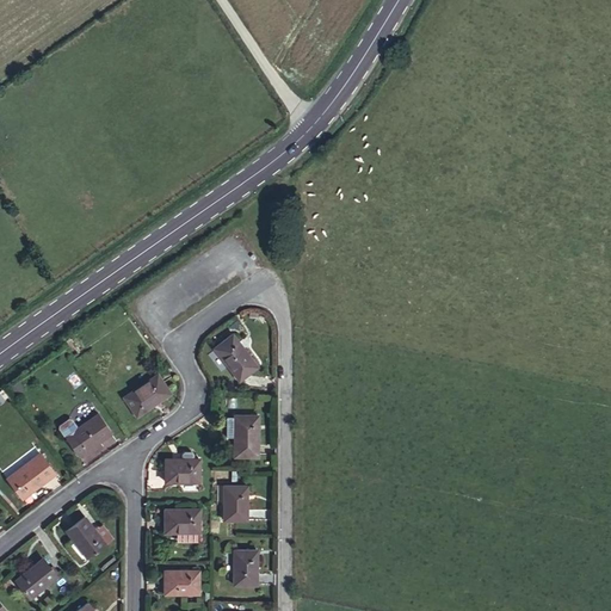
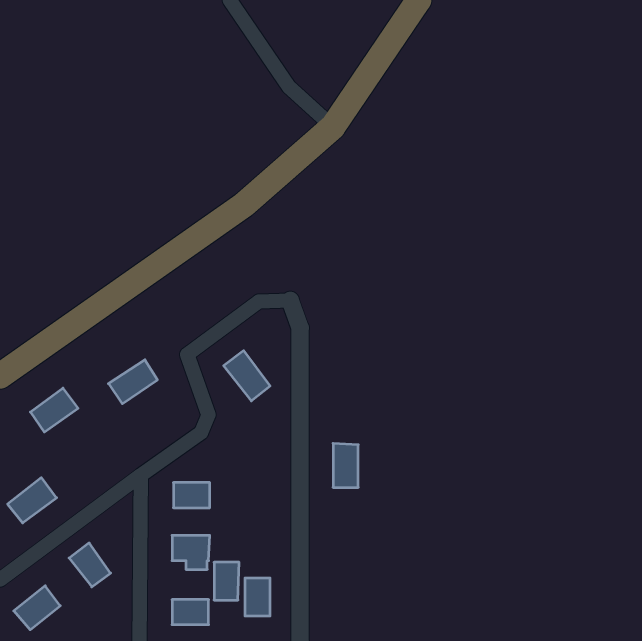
building: [123,375,169,416] -> [108,360,157,404]
building: [66,414,111,456] -> [30,388,78,432]
building: [234,415,258,457] -> [333,443,358,487]
building: [223,486,247,521] -> [214,562,239,600]

